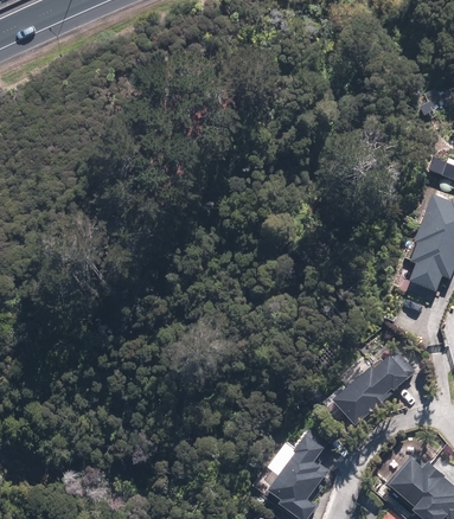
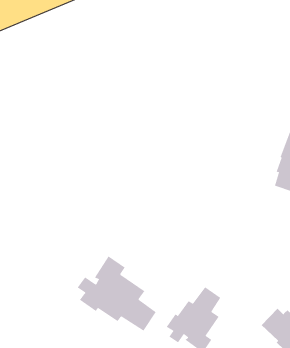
building: [320,350,415,424] -> none
building: none -> [77,256,157,331]

